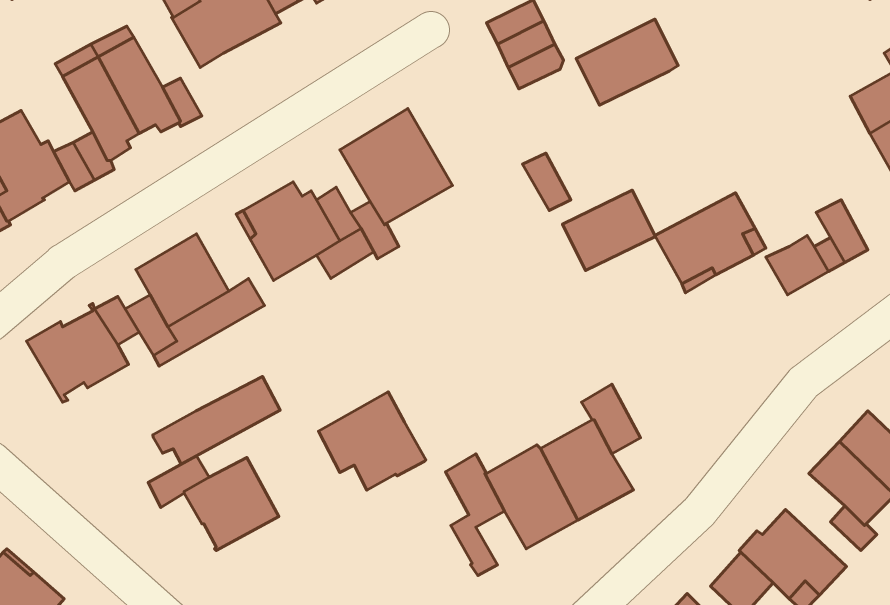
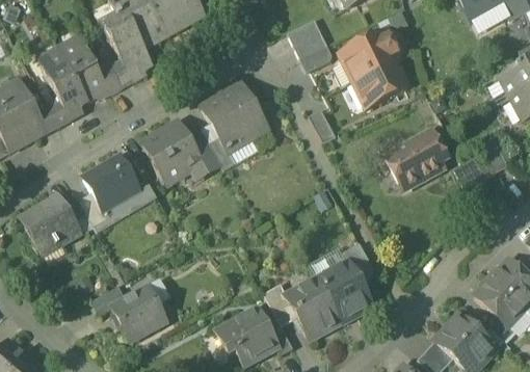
building: none -> [109,50,147,86]
building: [562,190,655,271] -> [352,60,406,107]
building: [153,376,280,464] -> none
building: [318,392,426,490] -> [216,307,279,364]

